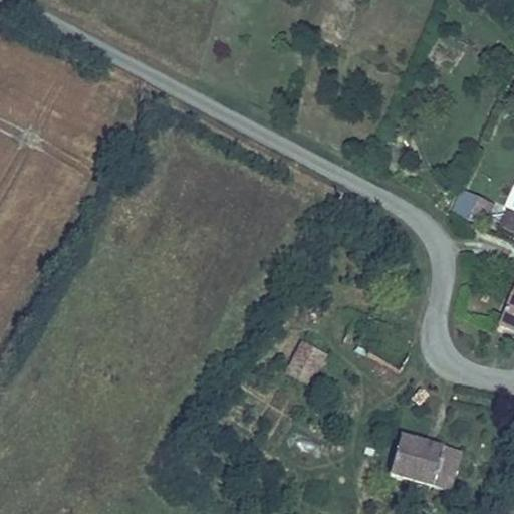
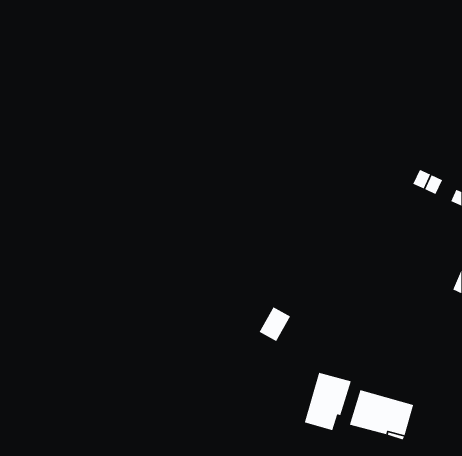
building: none -> [304,372,352,431]

